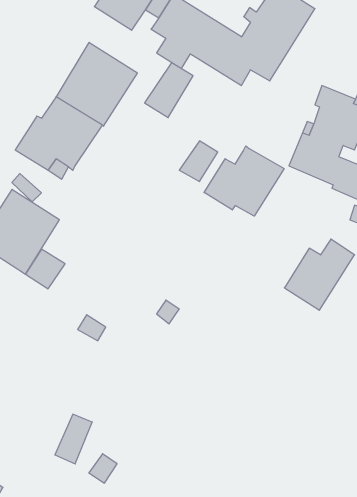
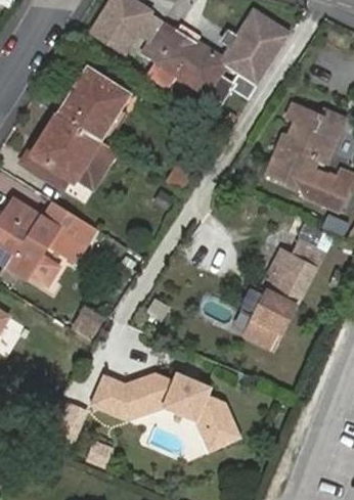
building: [145,62,193,118] -> [72,140,116,190]
building: [204,146,284,216] -> none
building: none -> [41,200,97,264]
building: none -> [233,287,293,351]
building: none -> [93,370,236,448]

